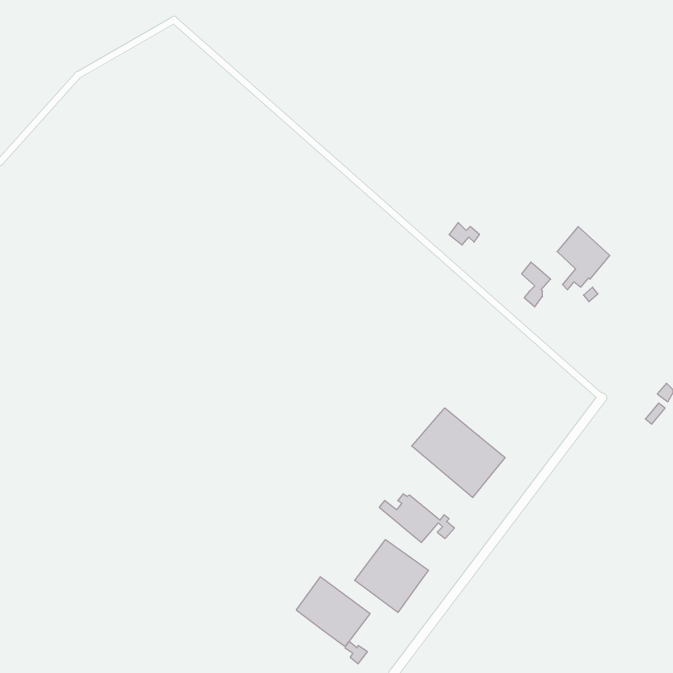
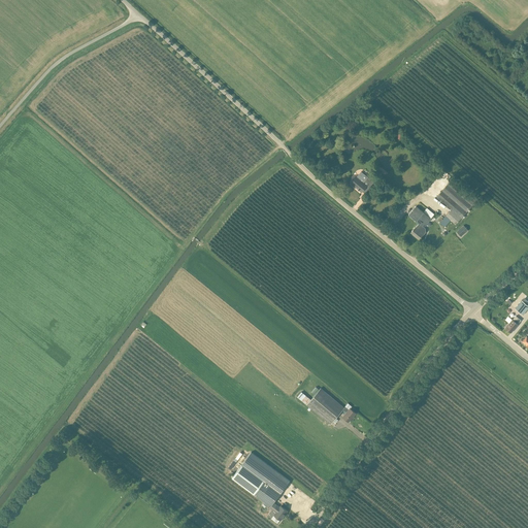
building: [412,408,505,497] -> none
building: [355,540,428,612] -> none

